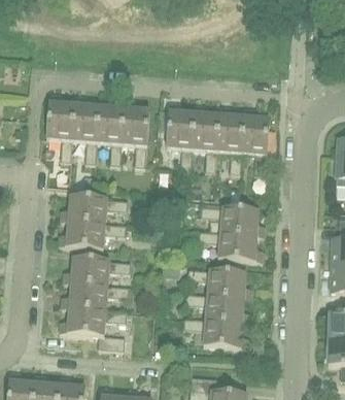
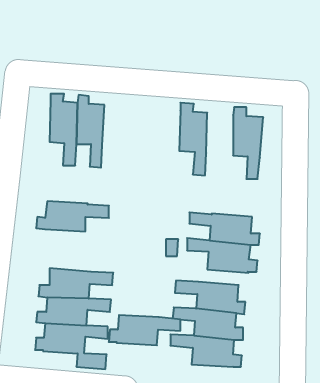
building: [46,93,73,160] -> none
building: [120,98,148,165] -> none
building: [166,101,193,168] -> none
building: [216,105,241,171] -> none
building: [59,220,125,247] -> [109,315,180,345]

